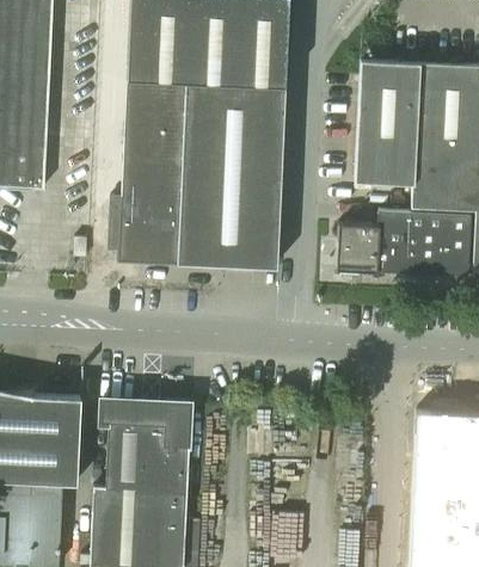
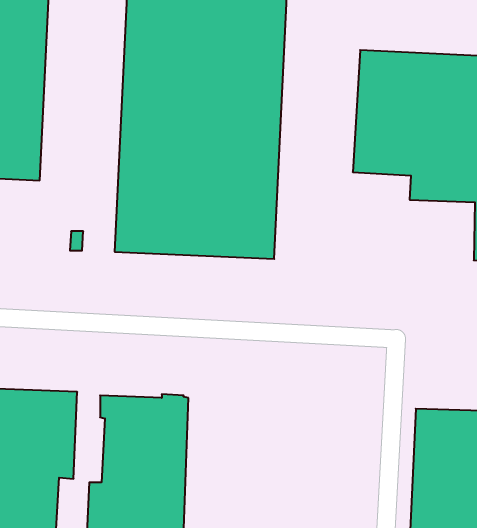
building: [337,212,469,277] -> none

